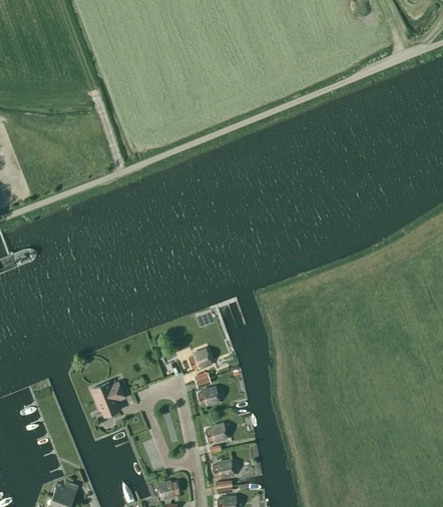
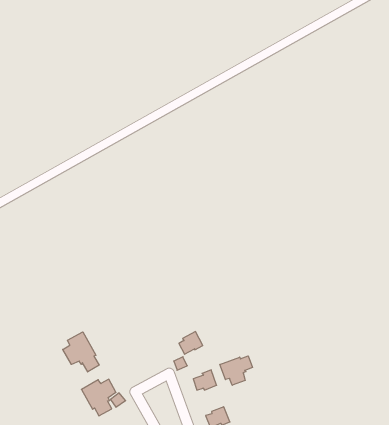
building: none -> [63,332,99,372]
building: none -> [220,356,253,385]

